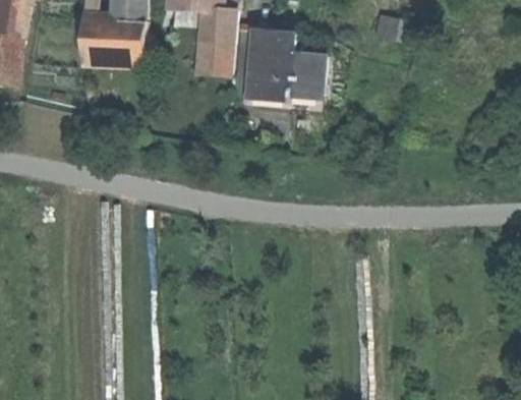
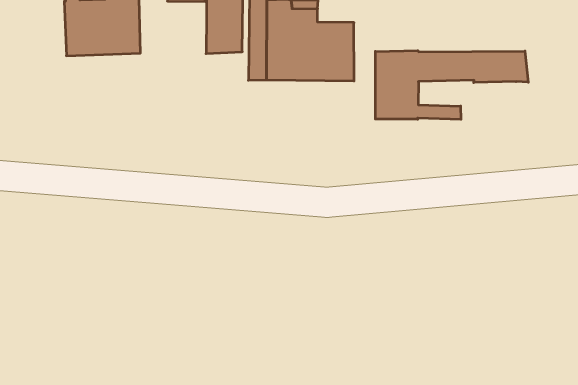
building: none -> [375,51,528,119]

